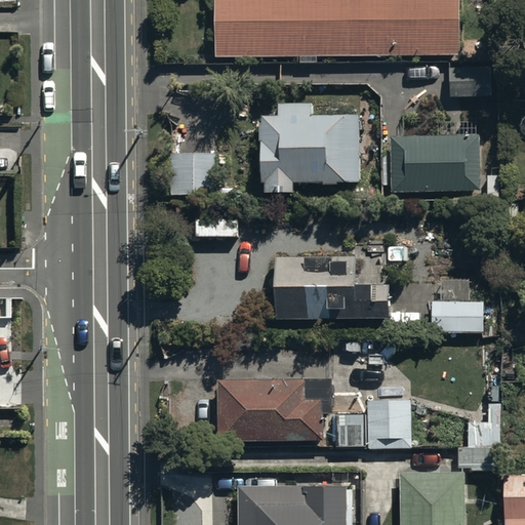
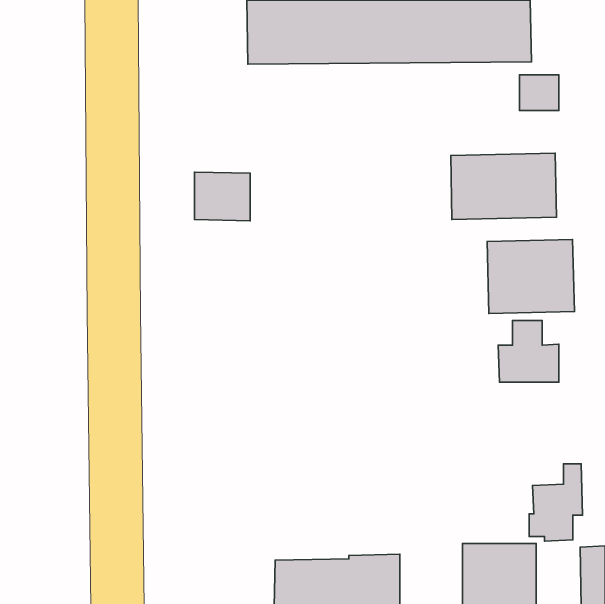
building: [259,102,360,180] -> none
building: none -> [487,240,575,314]
building: [275,253,387,318] -> none
building: [216,377,321,439] -> none
building: [335,399,410,448] -> none

